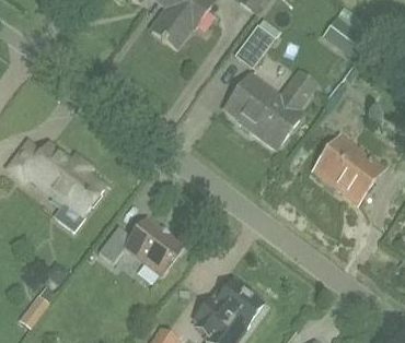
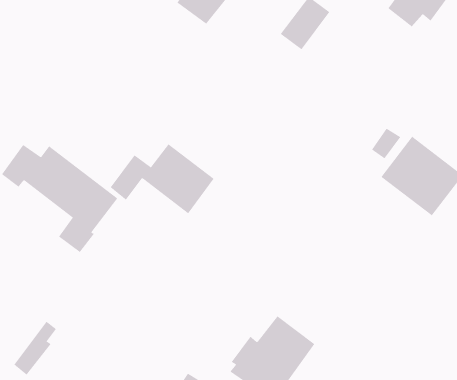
building: [228,70,320,146] -> none
building: [100,216,184,273] -> [110,143,214,214]

